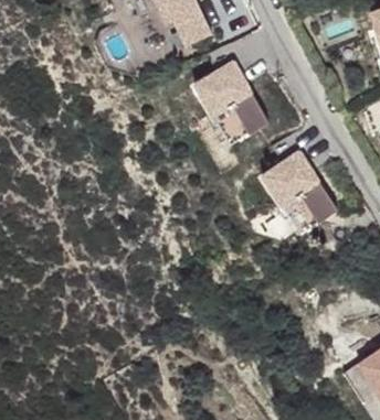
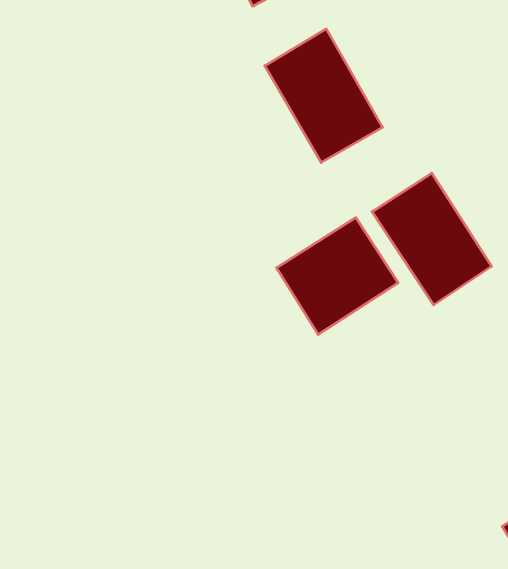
building: none -> [276,218,398,335]

